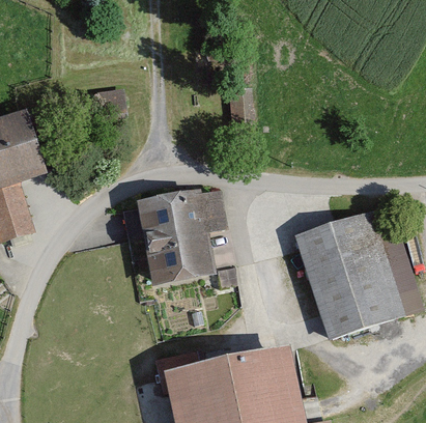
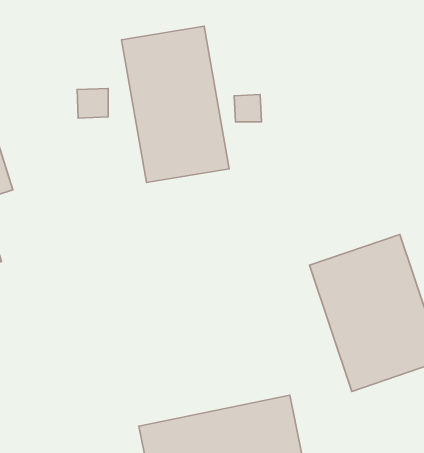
building: none -> [121,26,229,183]
building: [139,189,231,285] -> none

